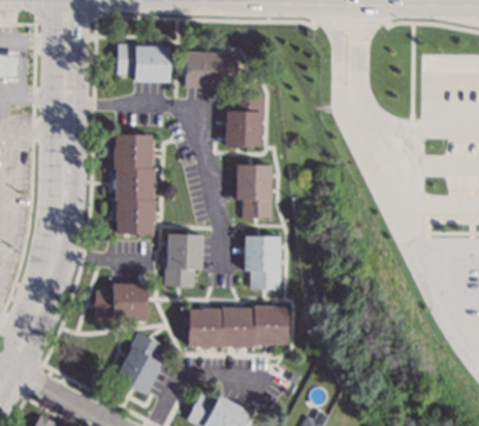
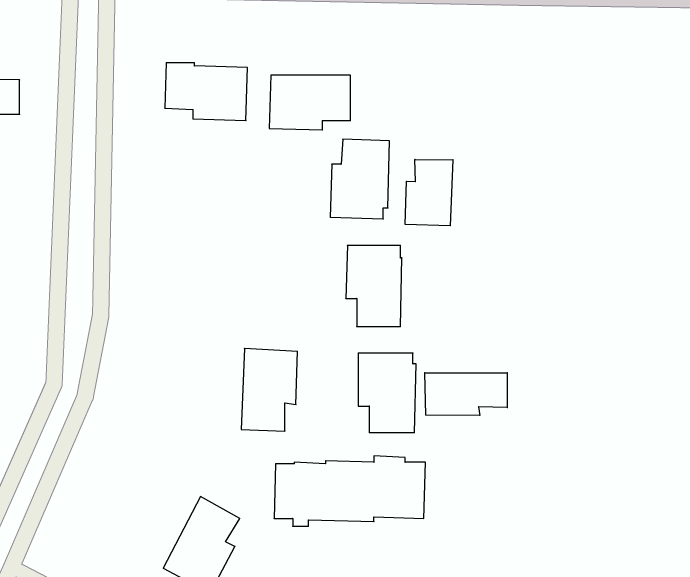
building: none -> [405,159,453,226]
building: [113,133,155,235] -> none
building: none -> [425,373,507,415]
building: [95,283,149,321] -> none

